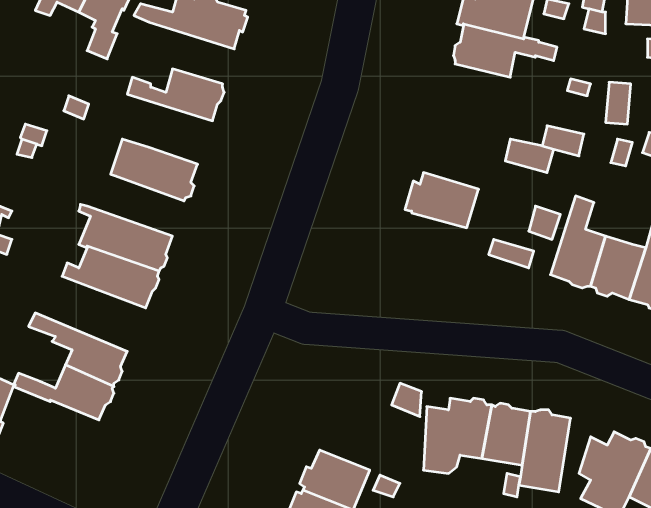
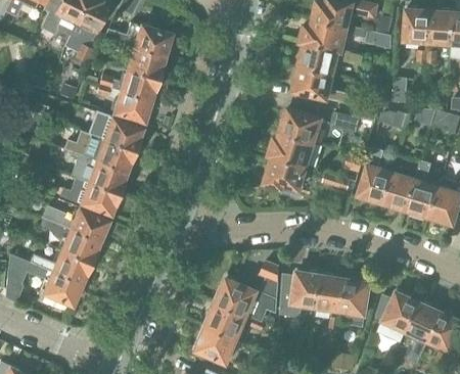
building: none -> [109,41,165,79]
building: none -> [293,66,354,104]
building: none -> [96,85,151,124]
building: none -> [280,108,321,143]
building: none -> [75,135,135,172]
building: none -> [265,157,307,189]
building: none -> [41,205,108,242]
building: none -> [43,272,82,307]
building: none -> [215,275,263,315]

